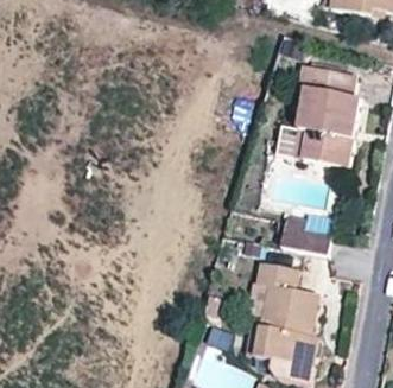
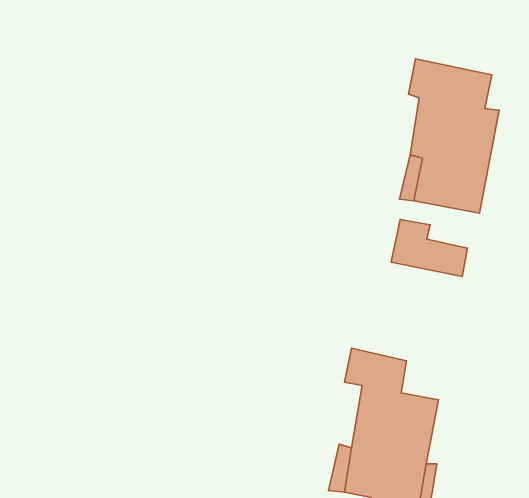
building: [278,218,329,256] -> [391,220,468,276]

